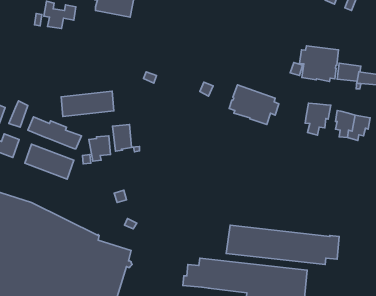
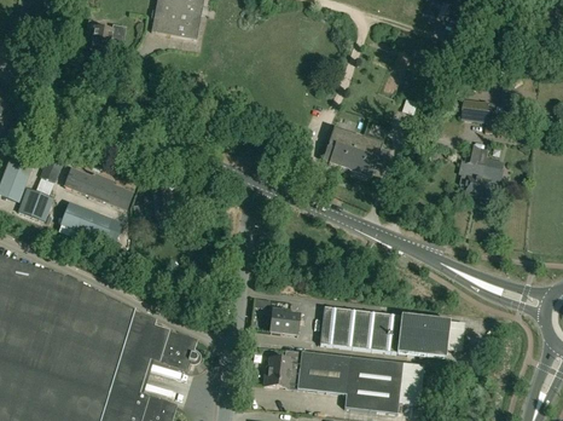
building: [300,46,338,82] -> none
building: [61,91,114,117] -> none
building: [305,103,331,135] -> none
building: [113,124,139,152] -> none
building: none -> [269,308,298,334]

